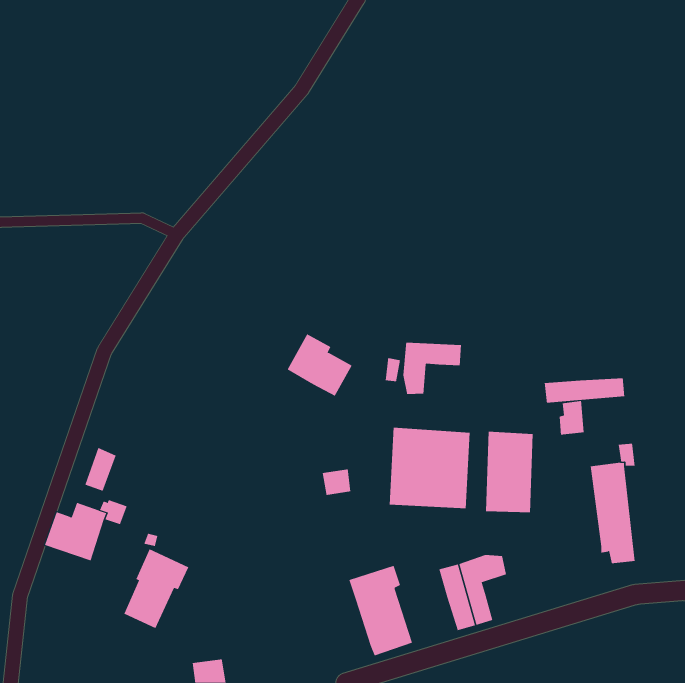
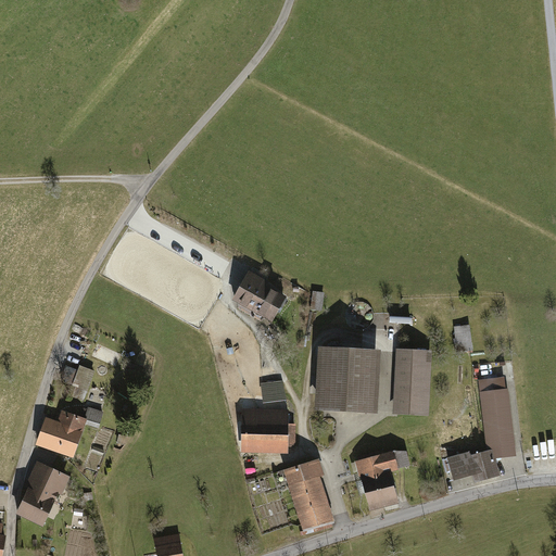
building: [403,342,462,395] -> none
building: [544,377,625,403] -> none
building: none -> [241,406,296,451]
building: [124,548,189,629] -> [16,458,70,523]
building: none -> [446,447,501,480]

